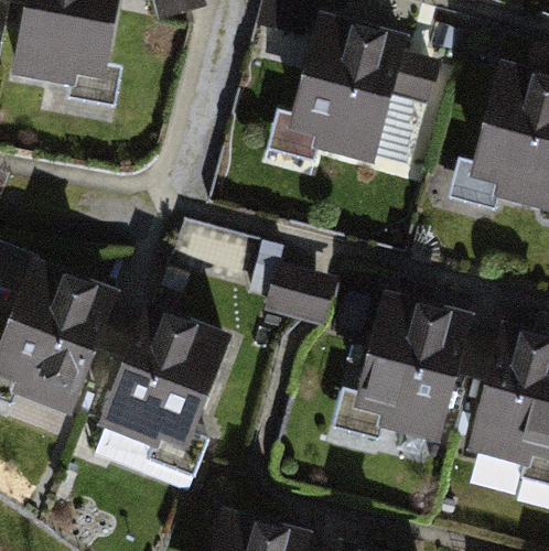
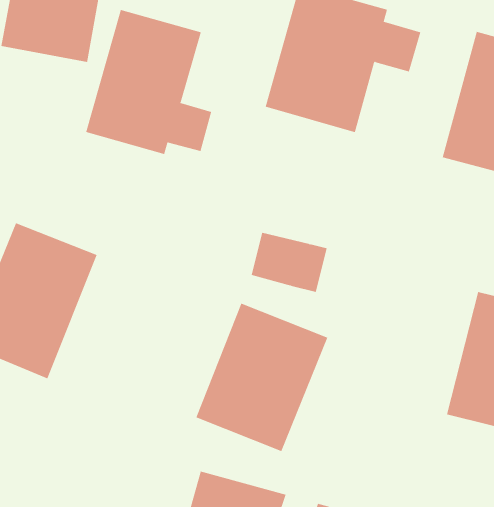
building: none -> [86,9,212,155]
building: [337,292,472,449] -> none
building: [97,305,233,457] -> [195,303,328,452]

